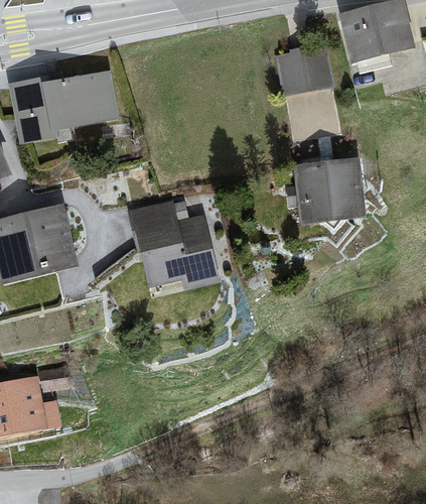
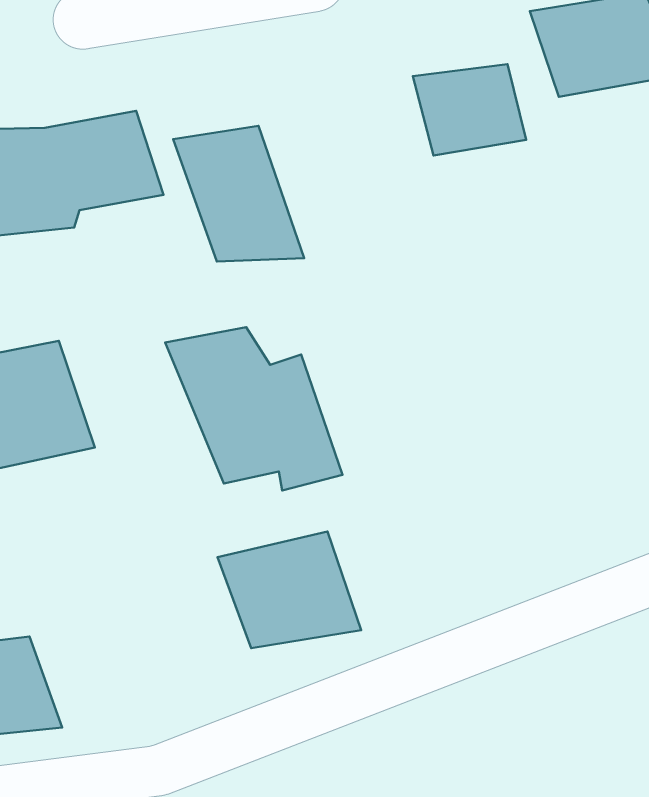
building: none -> [173,126,304,262]
building: [291,157,380,226] -> none
building: none -> [218,531,361,648]

